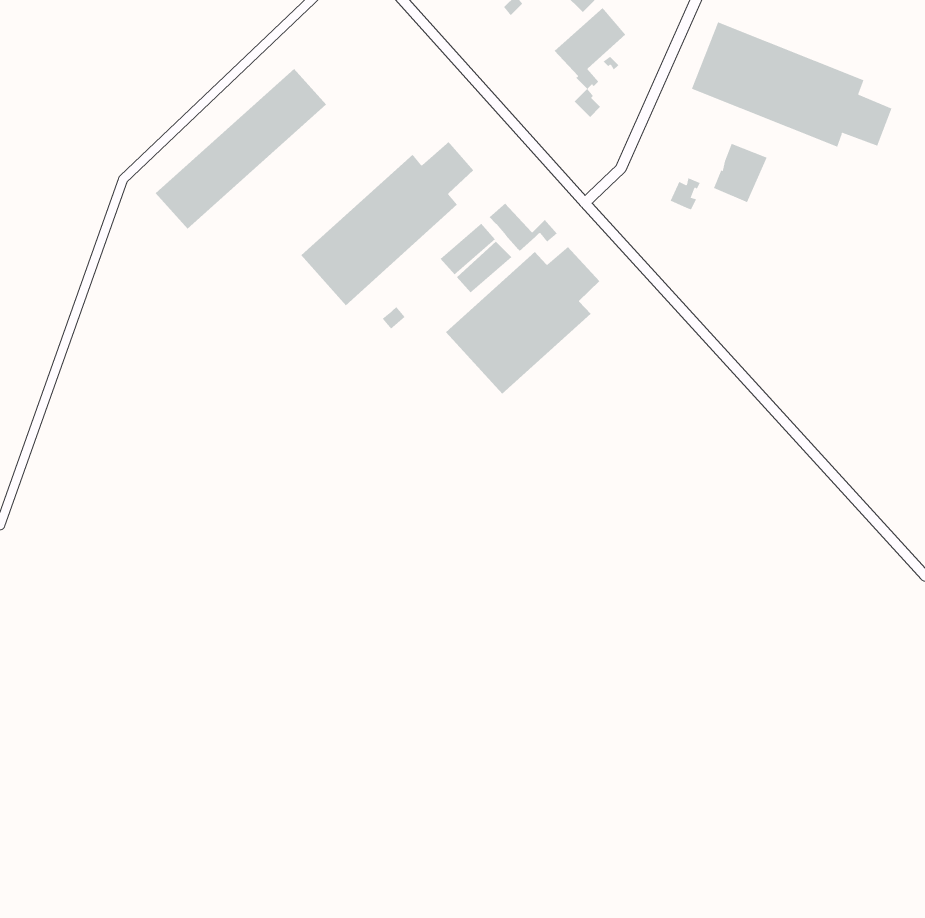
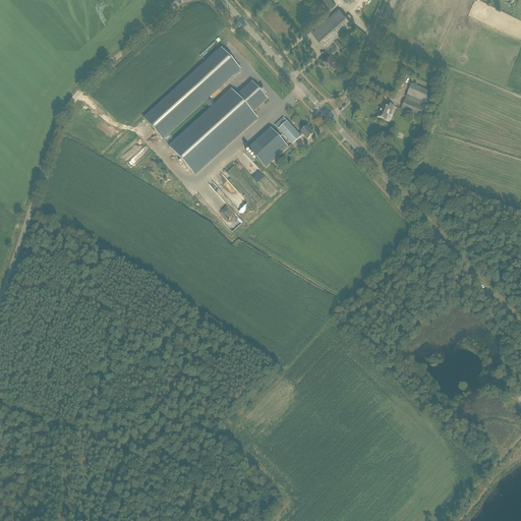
building: [691,22,892,148] -> none
building: [155,68,327,229] -> [143,46,240,136]
building: [445,246,600,395] -> none

